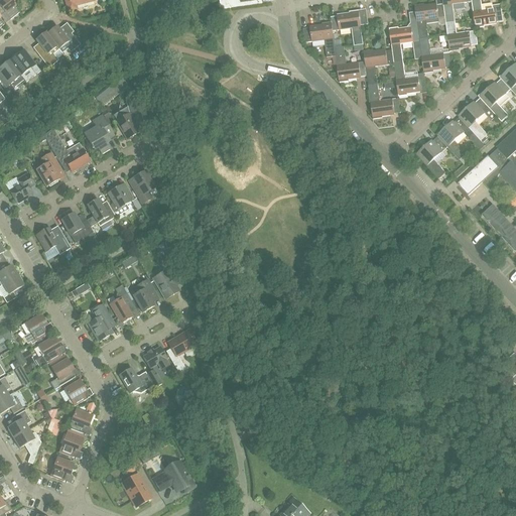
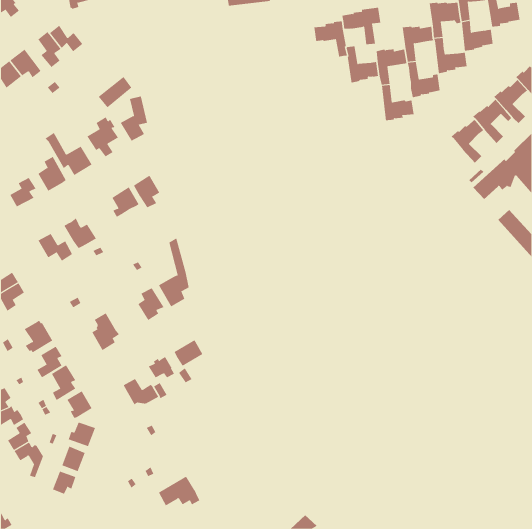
building: [415,134,447,177] -> none
building: [87,197,116,226] -> none
building: [110,283,135,321] -> none
building: [122,473,151,505] -> none

